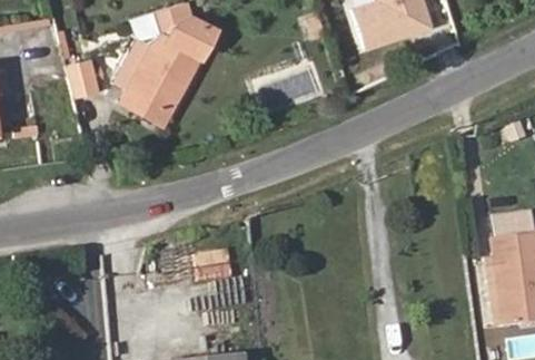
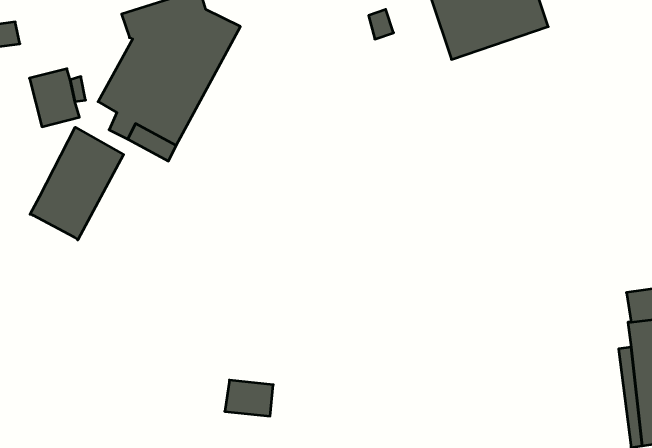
building: none -> [30,127,124,240]

